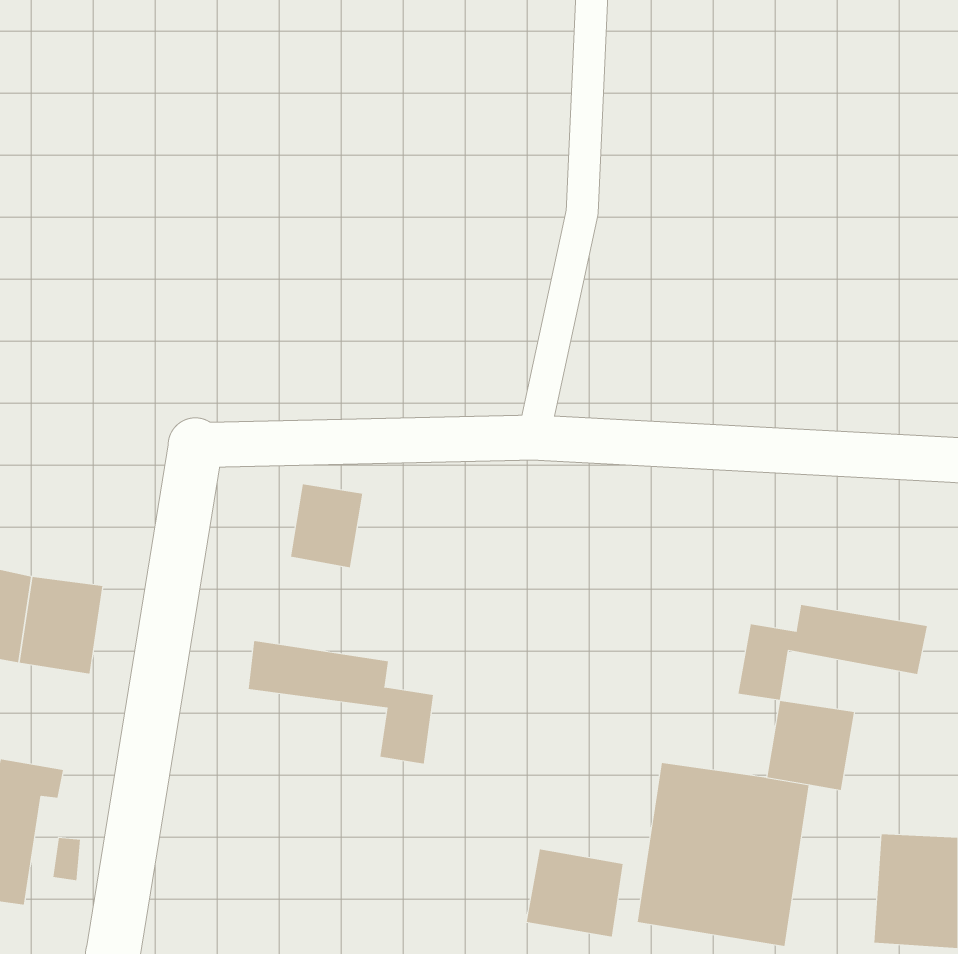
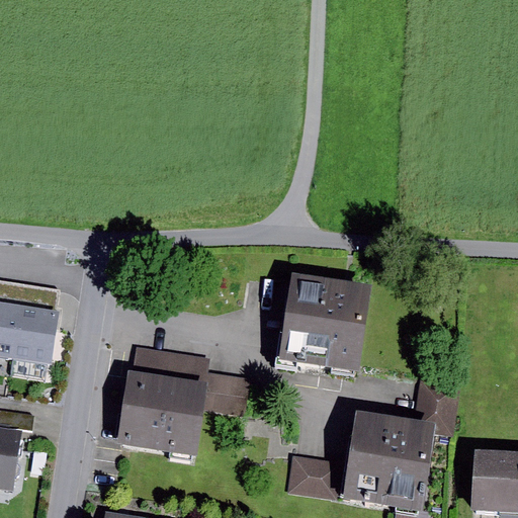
building: [291,484,363,568] -> none
building: none -> [278,273,371,370]
building: [738,604,928,701] -> none
building: none -> [117,370,208,454]

